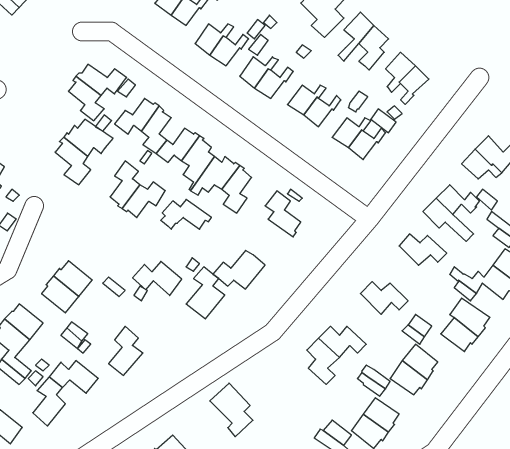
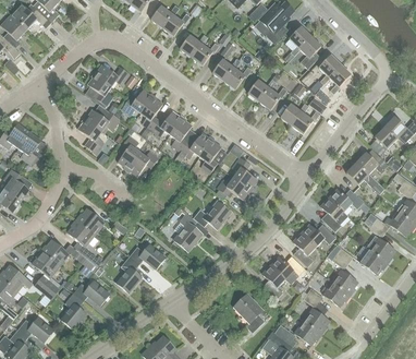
building: [161,199,211,229] -> [215,177,252,199]
building: none -> [320,196,347,231]
building: [133,261,182,296] -> [129,243,164,268]
building: none -> [292,231,316,266]
building: [210,383,253,437] -> [233,292,265,332]

